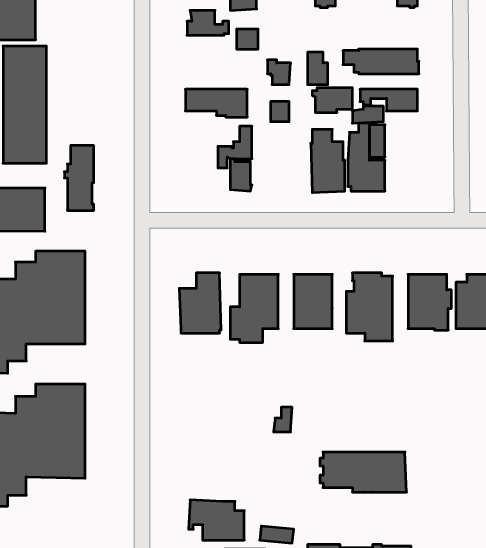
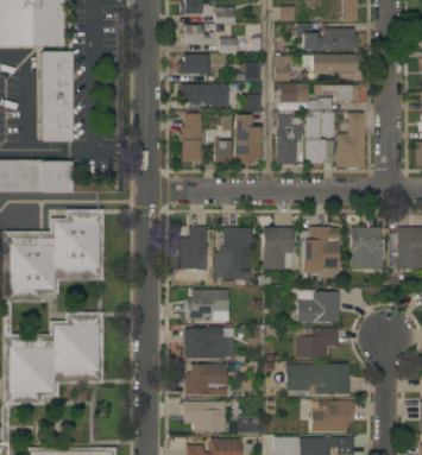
building: none -> [297,24,359,49]
building: none -> [179,55,210,75]
building: none -> [338,113,365,168]
building: none -> [235,114,262,164]
building: [64,146,94,210] -> [179,113,202,163]
building: none -> [188,289,229,321]
building: none -> [298,289,340,322]
building: none -> [184,327,234,359]
building: none -> [296,327,338,358]
building: none -> [185,364,227,394]
building: none -> [313,400,353,431]

